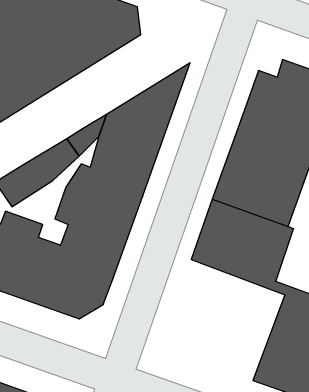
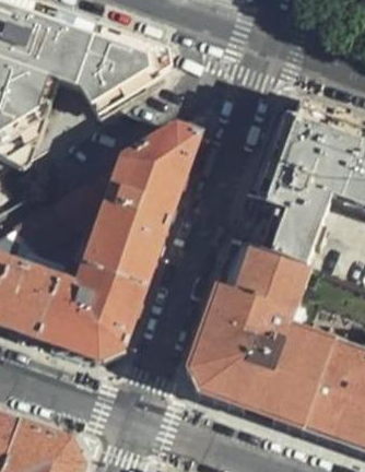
building: none -> [186,300,304,421]

